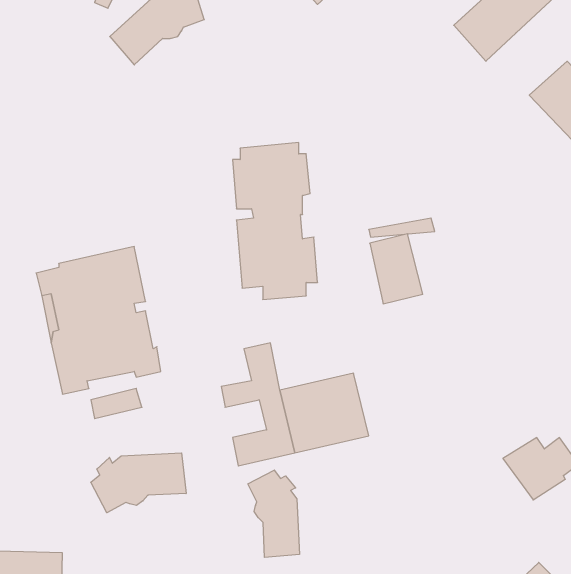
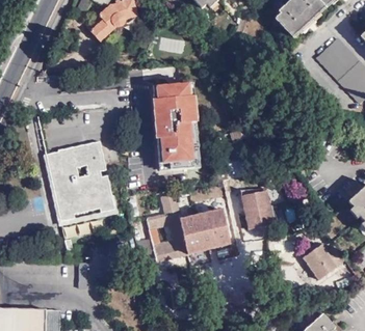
building: [370,234,423,304] -> [239,190,268,228]
building: [91,453,186,513] -> none
building: [248,470,299,557] -> none

